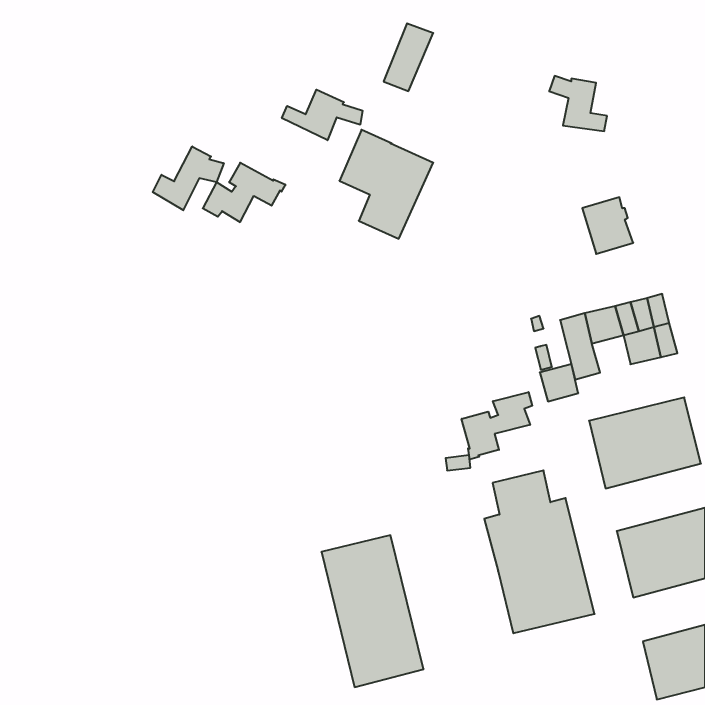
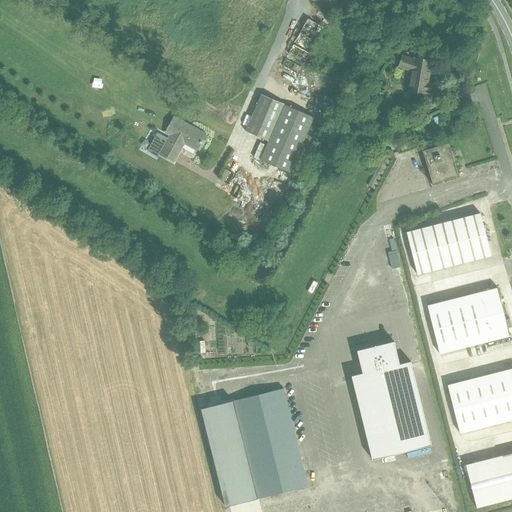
building: [282,90,363,140] -> none
building: [153,146,224,210] -> none
building: [540,364,578,401] -> [429,243,457,270]
building: [462,392,532,459] -> none
building: none -> [201,400,257,506]

